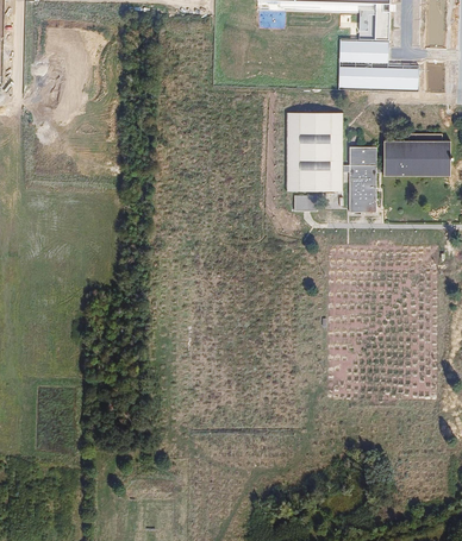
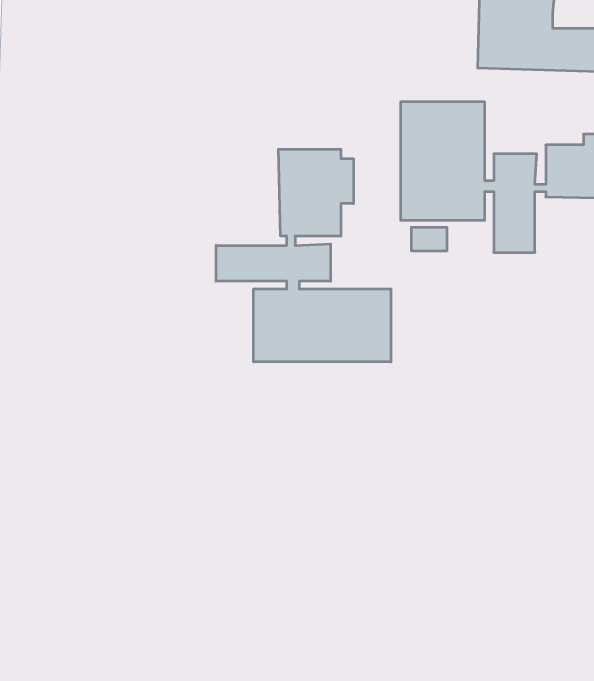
building: none -> [216,149,391,362]

